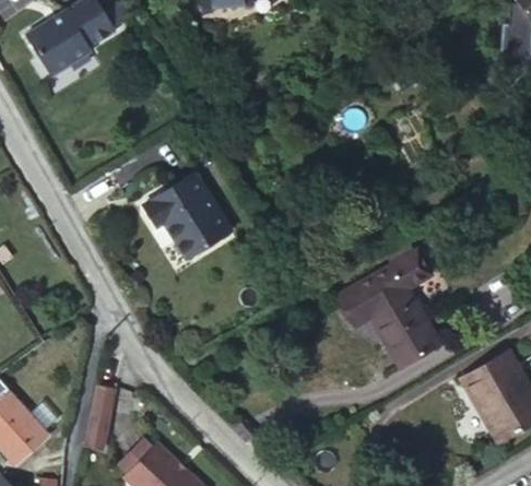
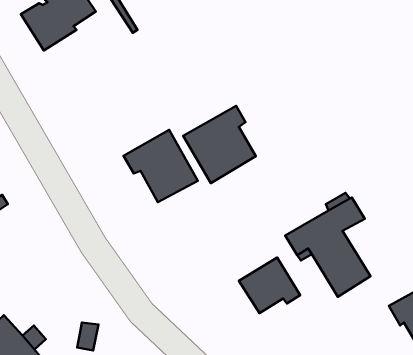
building: none -> [183,106,256,183]
building: none -> [239,257,300,313]

